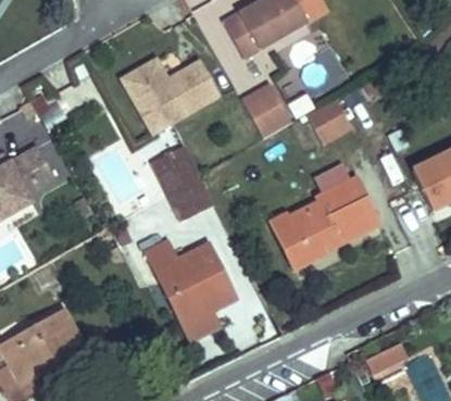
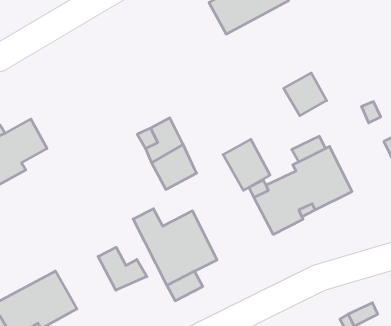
building: [122,58,217,128] -> none
building: [241,84,291,138] -> [223,139,270,190]
building: none -> [98,247,147,290]

